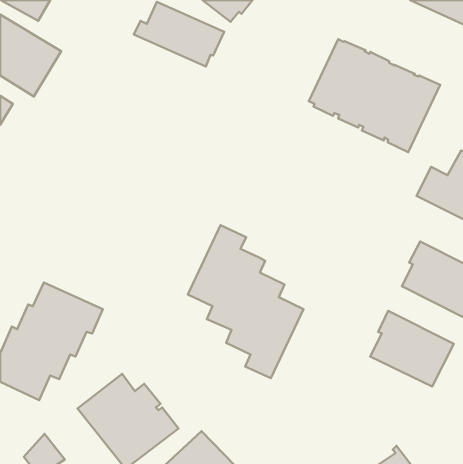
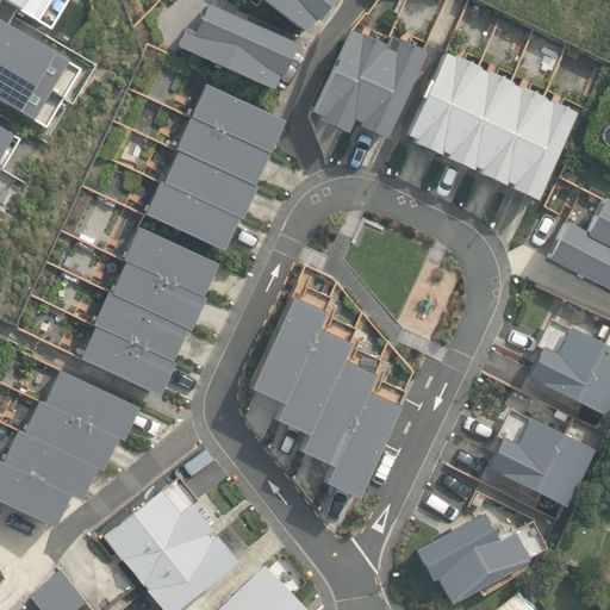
building: none -> [312,30,425,137]
building: none -> [147,85,282,250]
building: none -> [82,228,217,394]
building: none -> [417,513,550,604]

